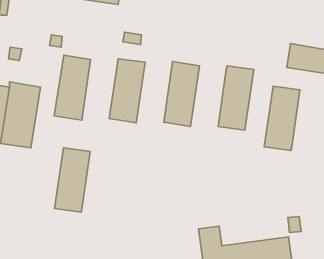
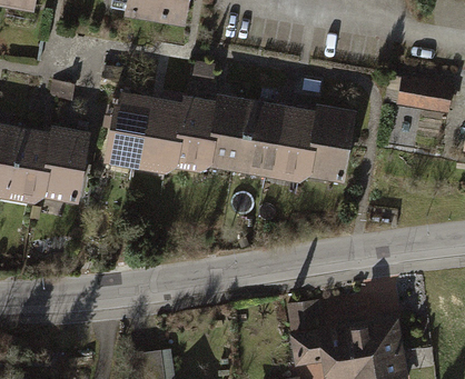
building: none -> [209,94,254,174]
building: [264,86,300,150] -> [276,104,320,184]
building: [55,148,90,212] -> [140,97,185,177]

